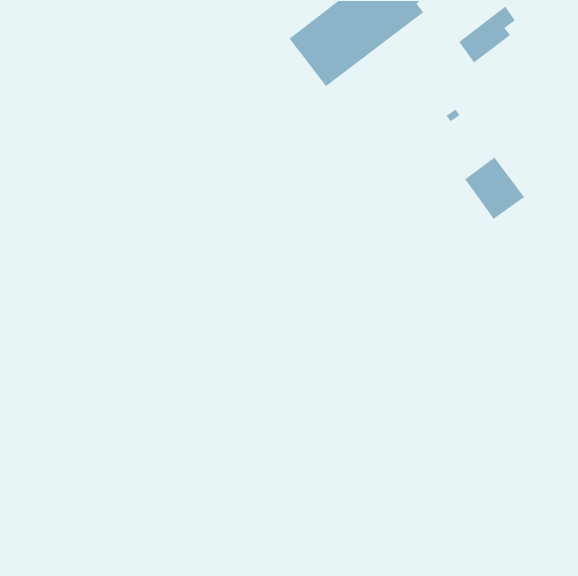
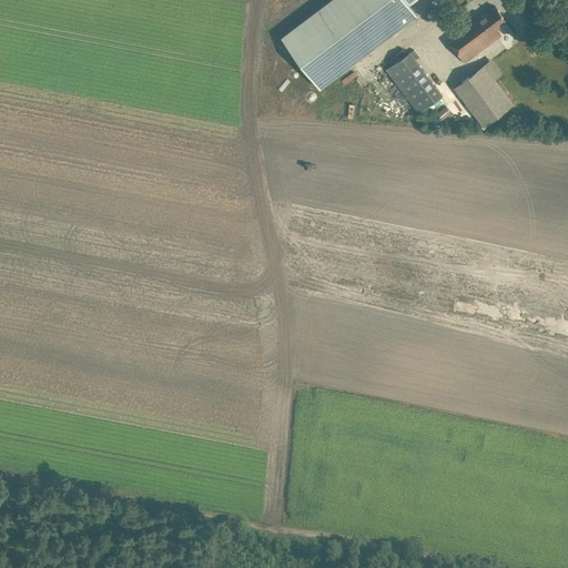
building: none -> [386,53,443,114]
building: [464,156,525,220] -> [454,67,514,129]

